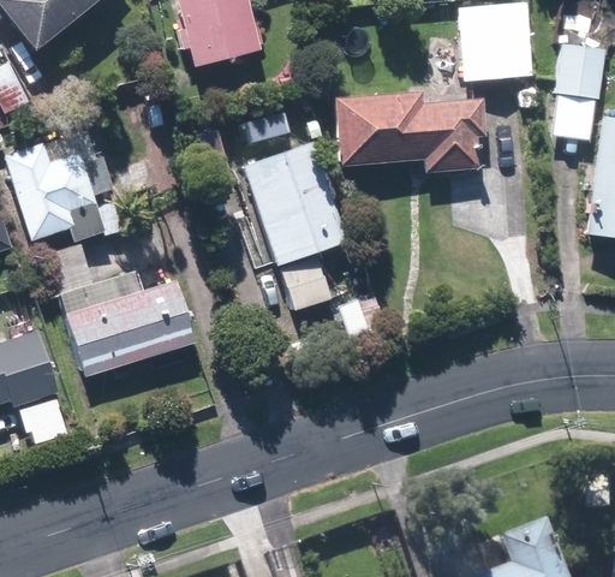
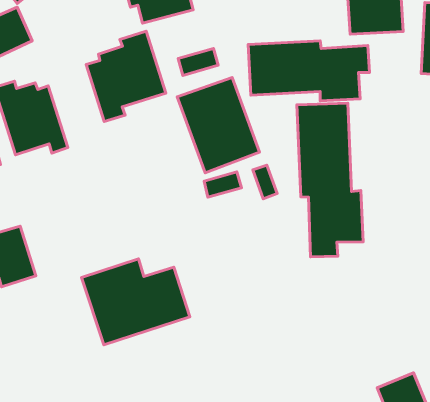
building: none -> [86,31,166,121]
building: none -> [297,103,363,257]
building: [58,268,197,379] -> [81,259,190,345]

